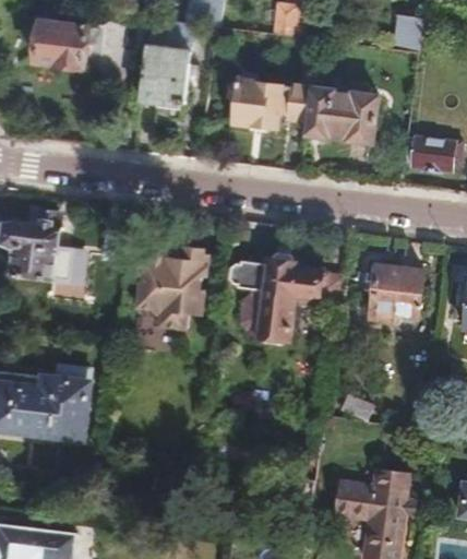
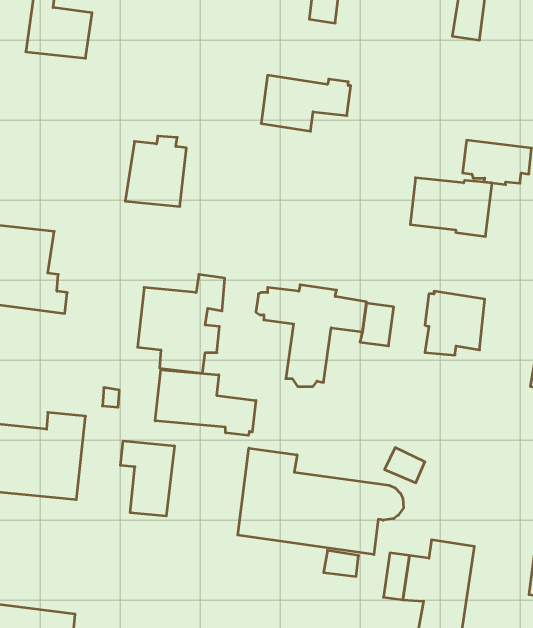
building: [140,43,191,102] -> [125,136,186,206]
building: [309,91,378,140] -> [410,178,492,236]
building: none -> [155,370,256,435]
building: none -> [120,441,175,516]
building: none -> [238,448,404,555]

